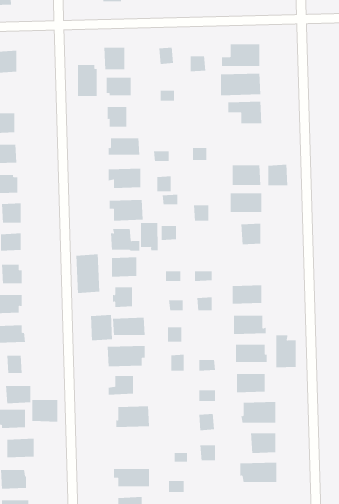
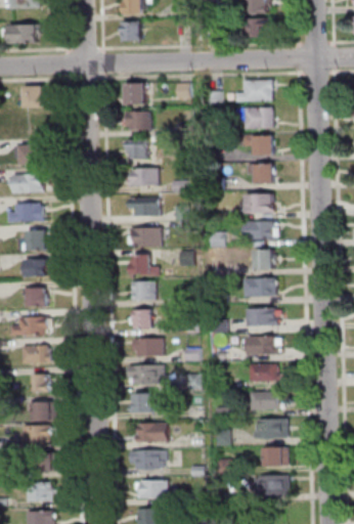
building: [78,64,97,97] -> none
building: [268,164,288,186] -> [255,164,274,184]
building: [141,222,158,251] -> none
building: [76,253,100,294] -> none
building: none -> [244,278,276,298]
building: [91,314,112,341] -> none
building: [276,335,296,368] -> none
building: [32,399,58,423] -> none
building: none -> [129,450,164,469]

